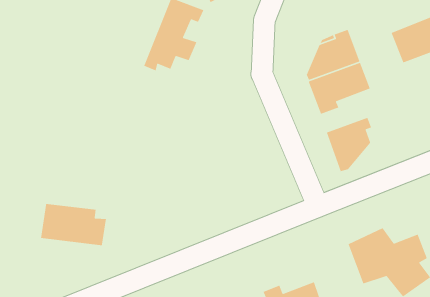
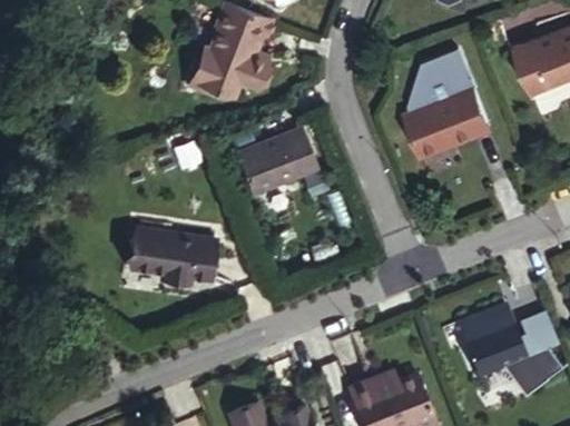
building: none -> [235,126,321,192]
building: [326,117,372,172] -> none
building: [40,203,107,246] -> [131,221,217,277]

